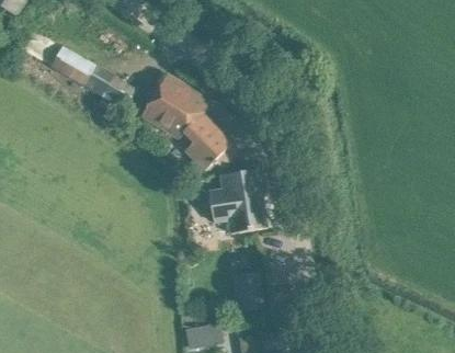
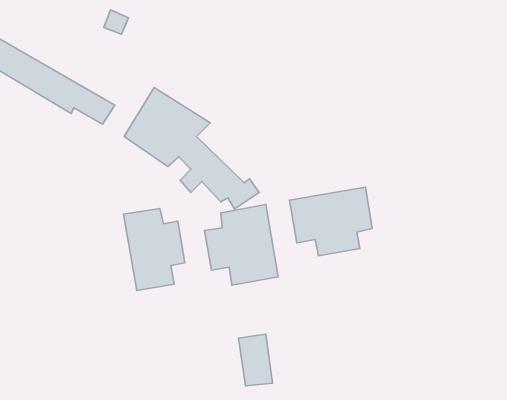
building: none -> [290,187,372,256]
building: none -> [123,208,185,290]

